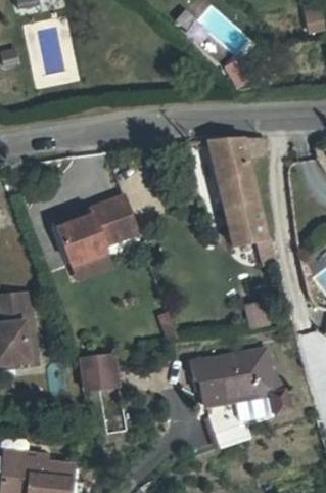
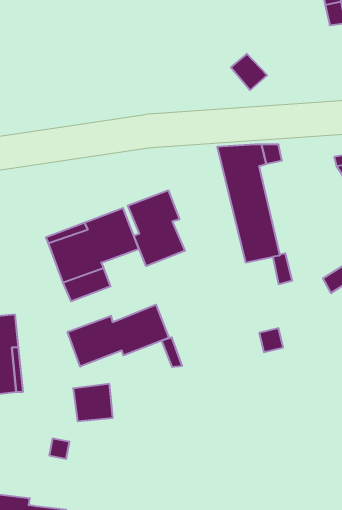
building: none -> [128,190,185,266]
building: none -> [68,305,169,367]
building: [190,347,289,448] -> none

